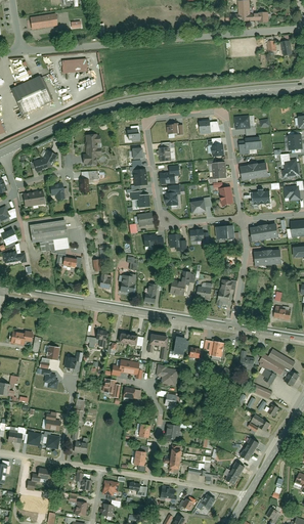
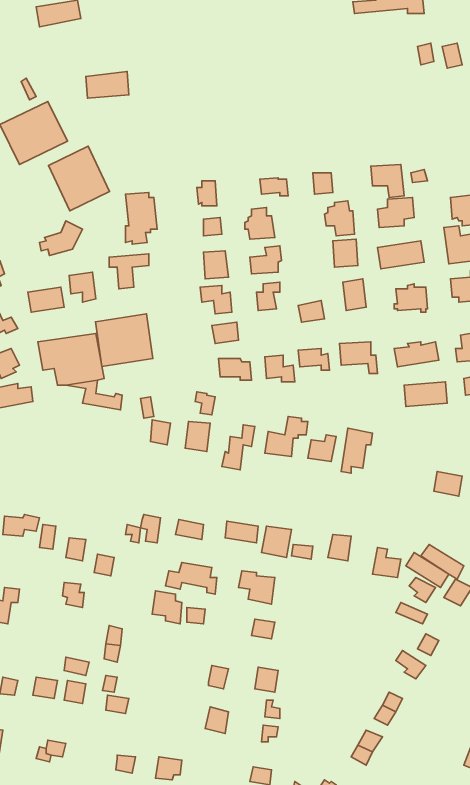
building: none -> [49,146,110,211]
building: none -> [95,314,153,367]

